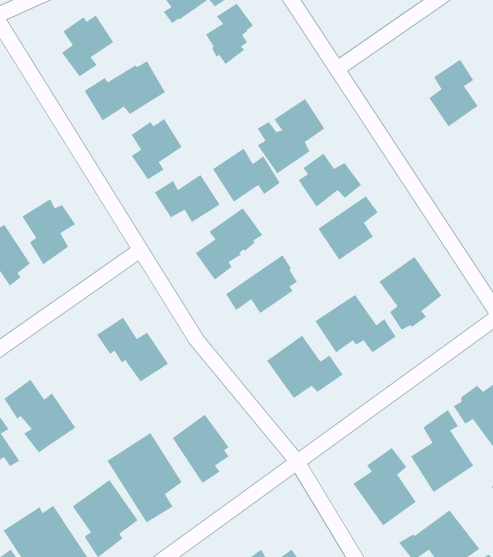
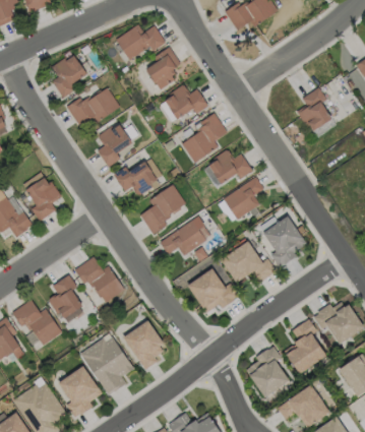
building: [212,148,281,203] -> [163,82,208,119]
building: none -> [47,275,84,323]

